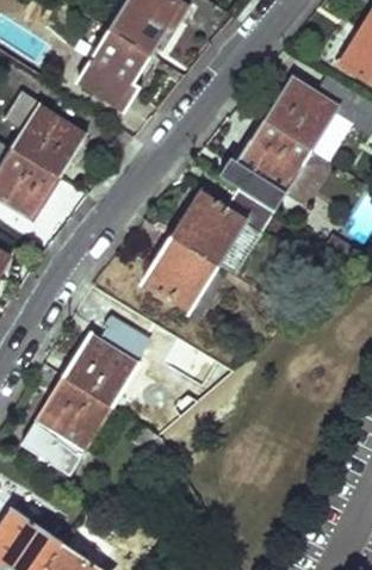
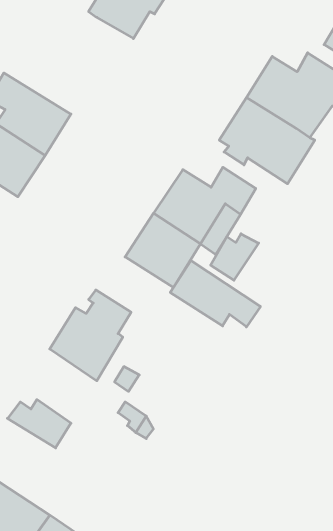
building: [73,32,149,113] -> none
building: none -> [211,234,259,280]
building: none -> [170,260,260,327]
building: [38,373,112,448] -> none

